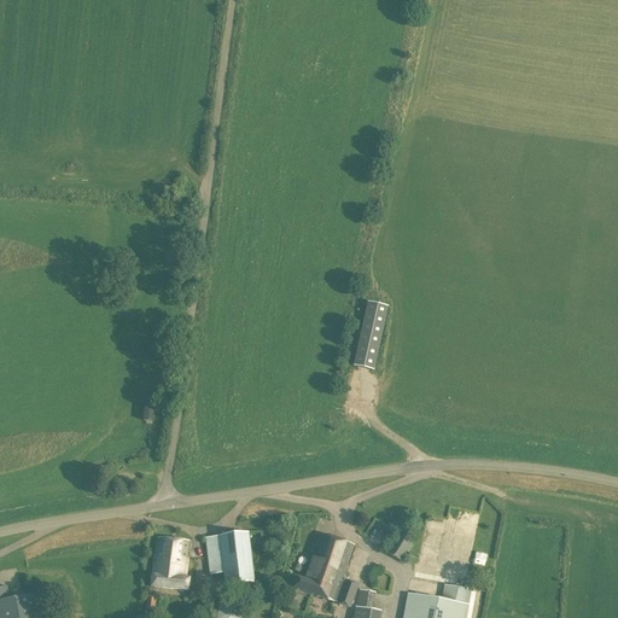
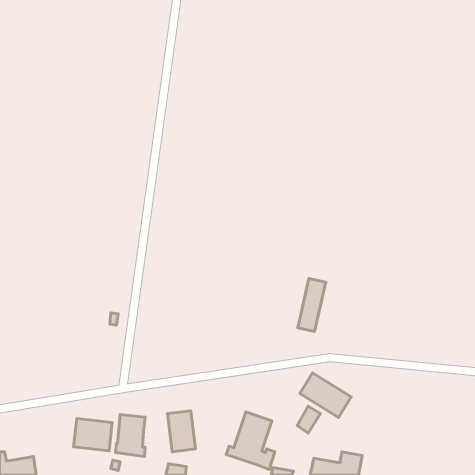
building: [351,301,387,369] -> [298,278,326,331]
building: none -> [300,373,351,417]
building: none -> [74,419,112,451]

